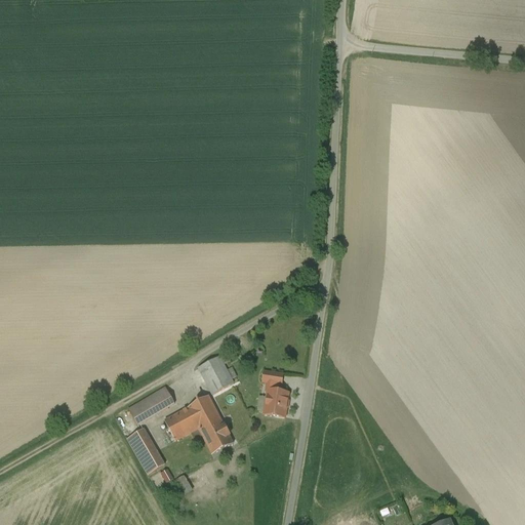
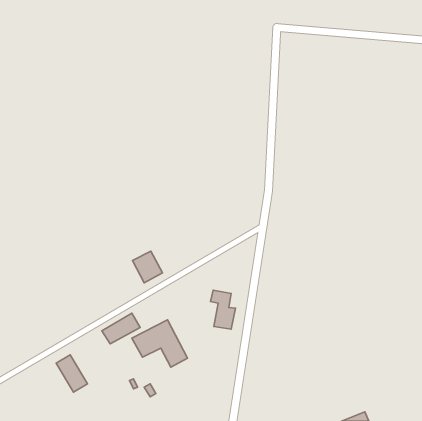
building: [196,355,233,394] -> [133,251,162,283]
building: [127,427,166,473] -> [56,355,88,392]

